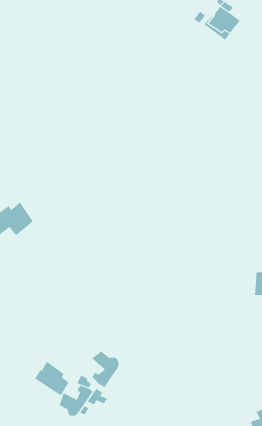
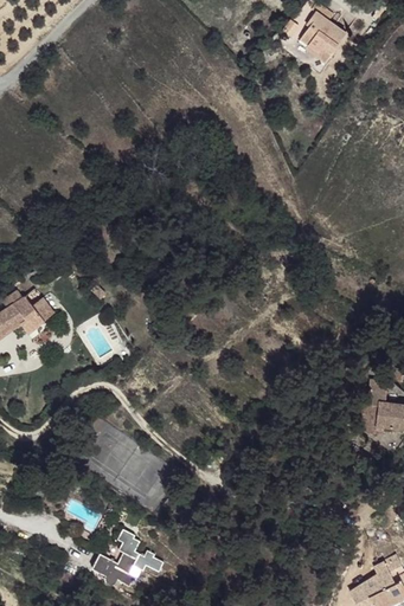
building: [91,351,119,388] -> none
building: [35,361,69,396] -> none

